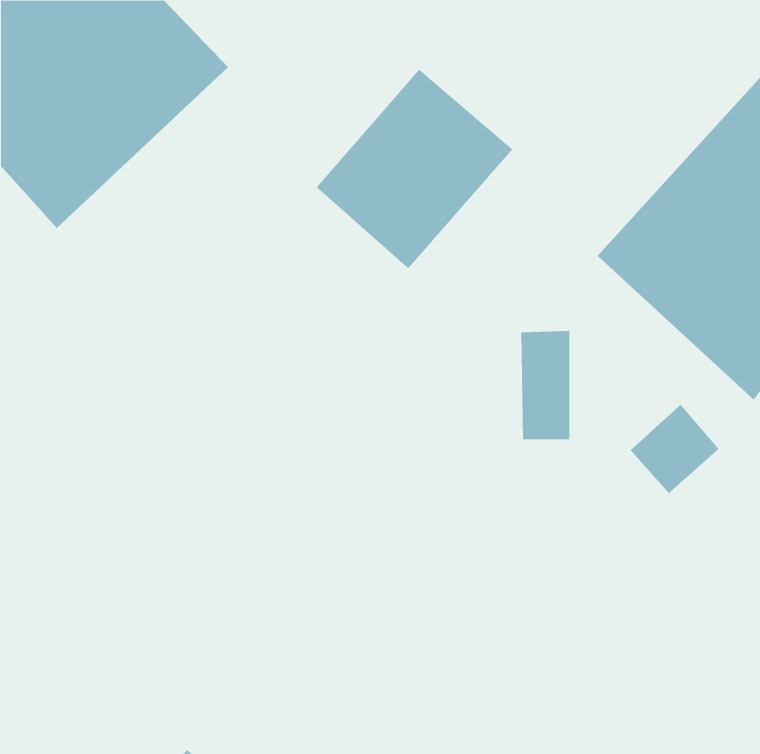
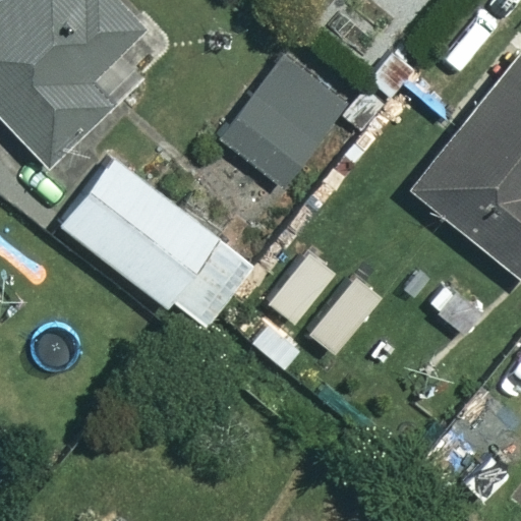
building: none -> [58,157,252,332]

